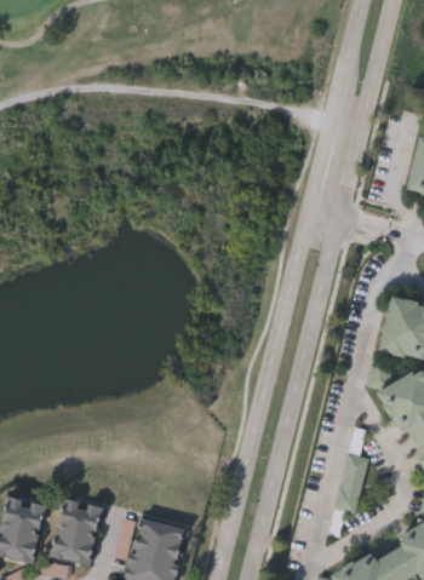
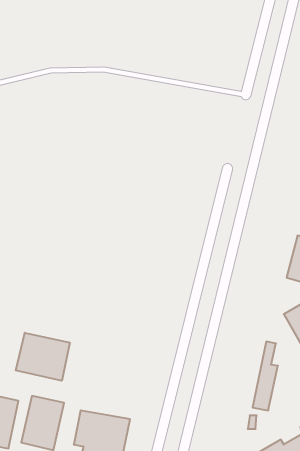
building: none -> [16,333,70,381]

